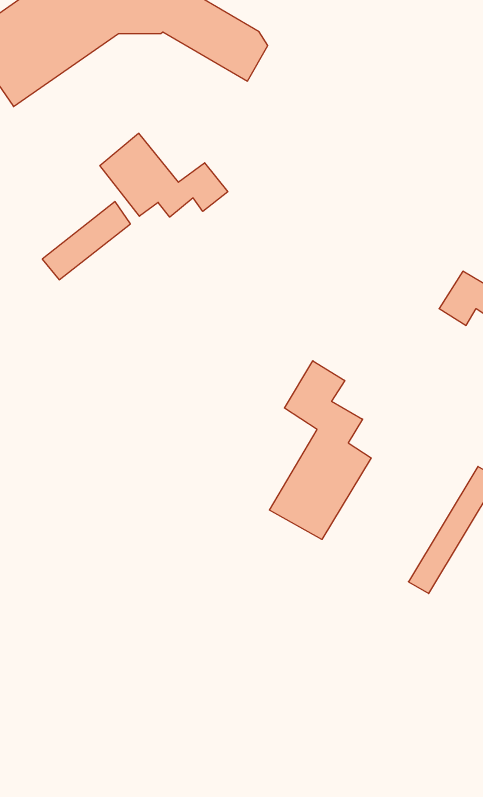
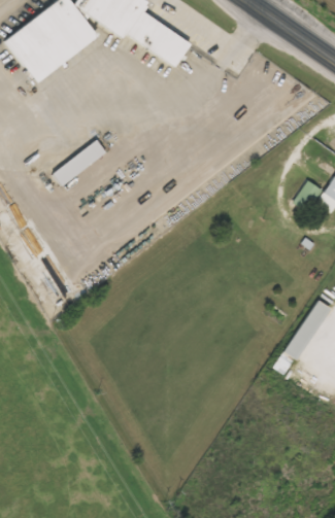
building: [100,133,228,217] -> none
building: [269,361,371,539] -> none

